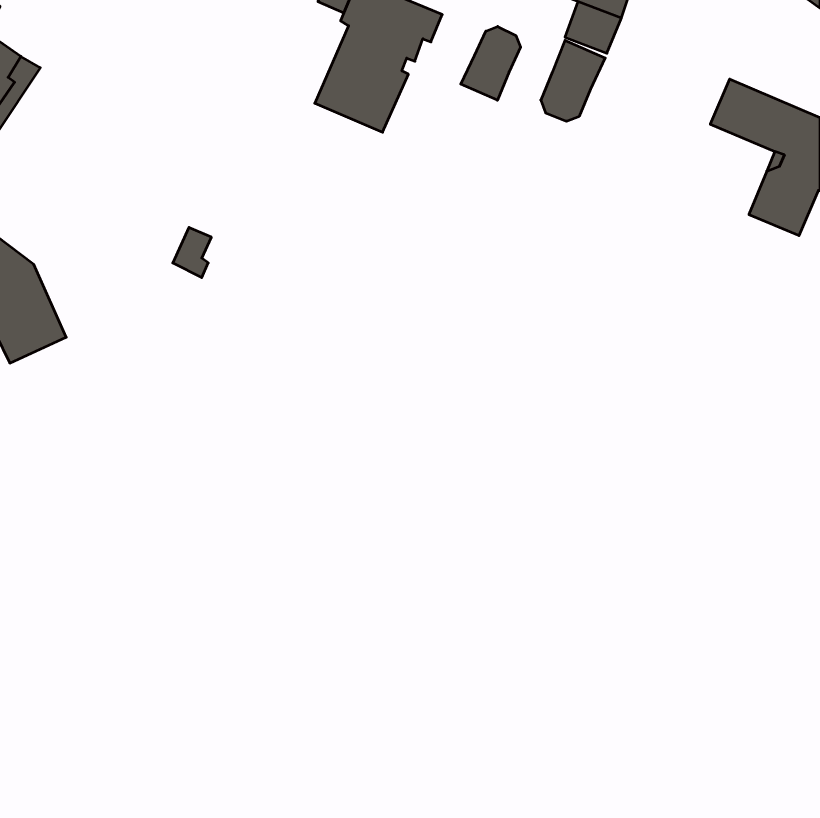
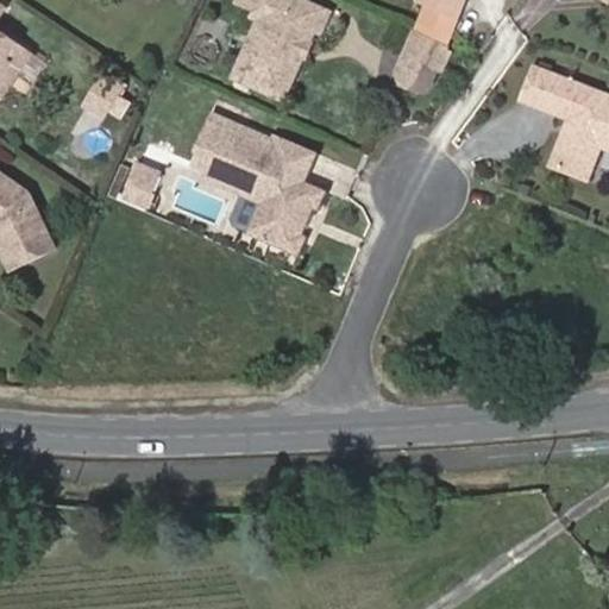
building: [461,26,521,100] -> none
building: none -> [197,118,327,257]

